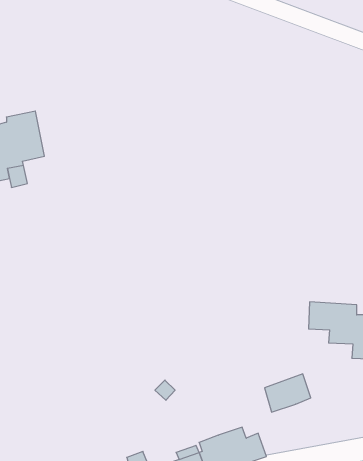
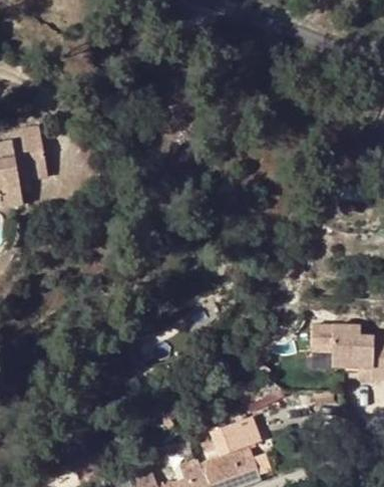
building: [265,374,311,412] -> [213,418,259,456]

